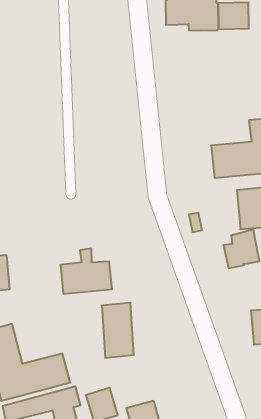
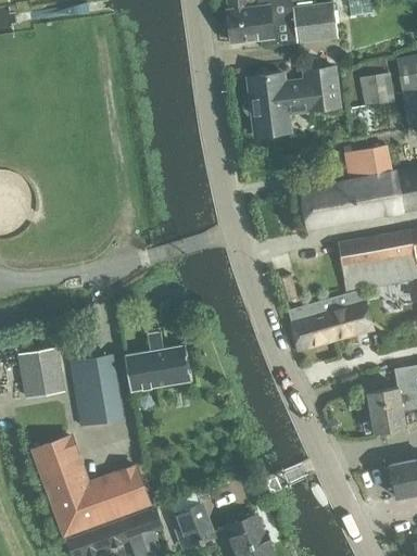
building: none -> [244,67,340,137]
building: none -> [289,300,338,352]
building: [102,303,134,358] -> [72,355,117,427]

